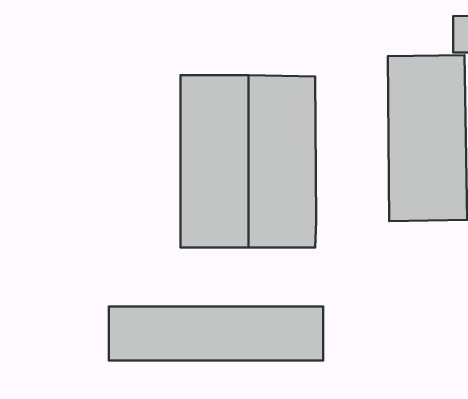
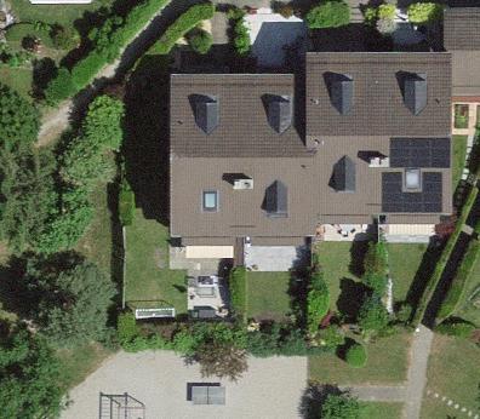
building: none -> [312,56,383,214]
building: [109,306,323,361] -> none

